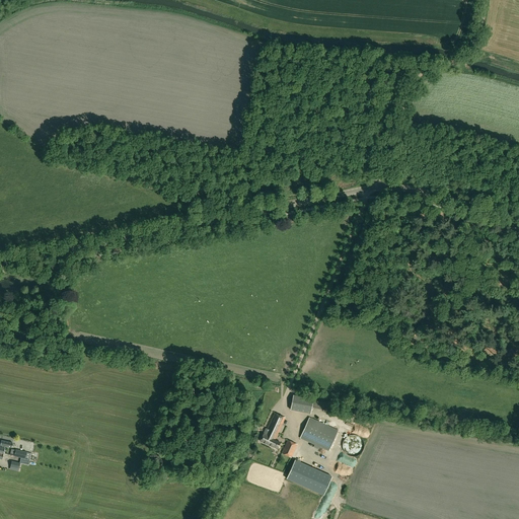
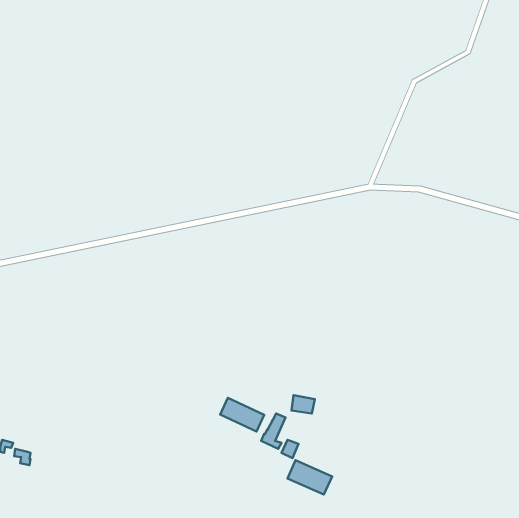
building: none -> [220,398,264,431]
building: [301,417,339,450] -> none

